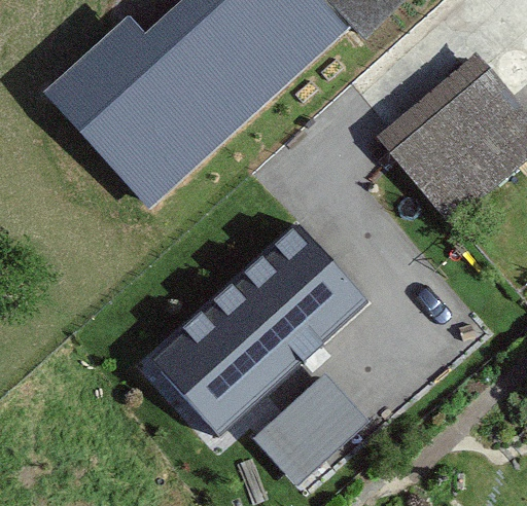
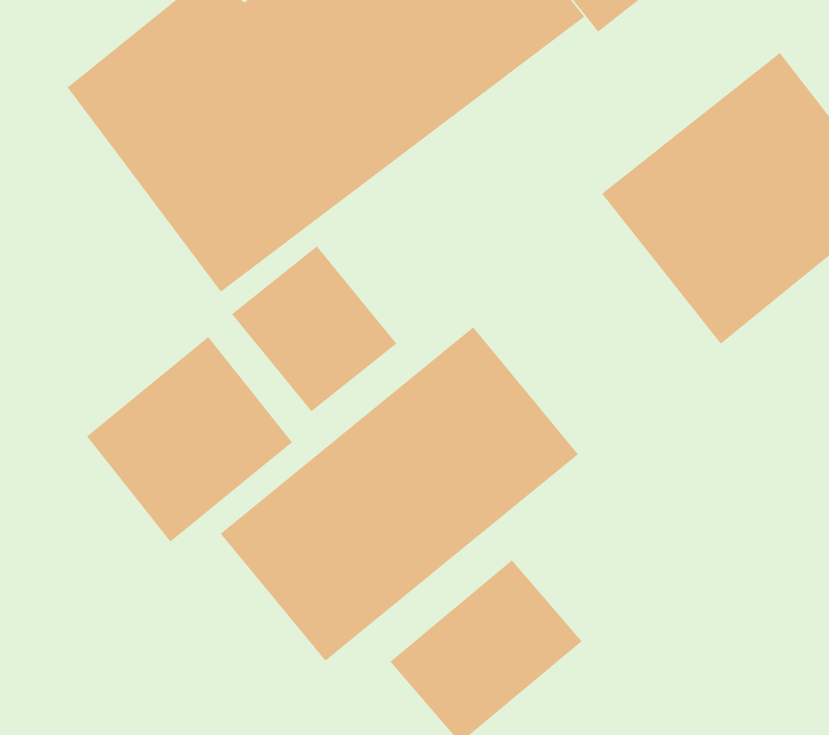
building: none -> [231,246,397,412]
building: none -> [86,336,293,542]

